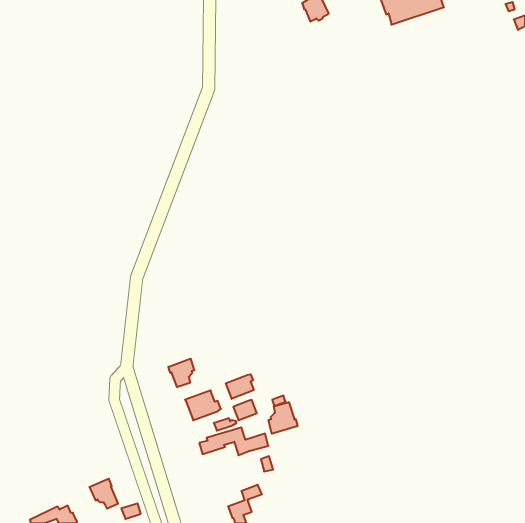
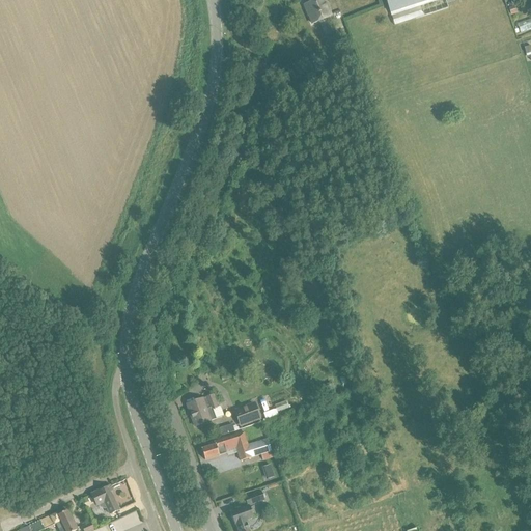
building: [168,359,194,387] -> none
building: [226,374,254,399] -> none
building: [268,402,297,434] -> none

